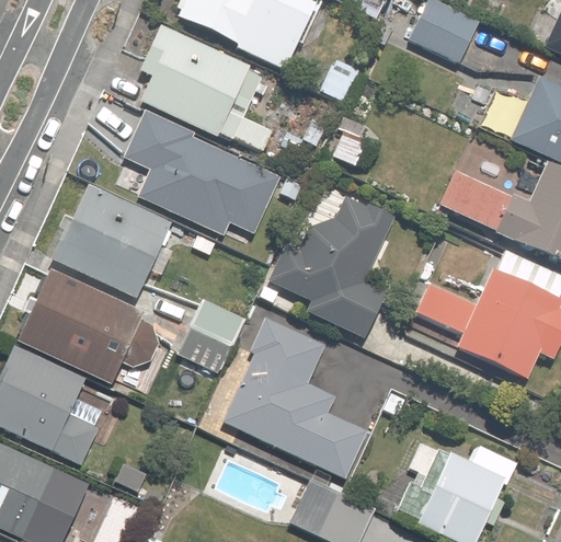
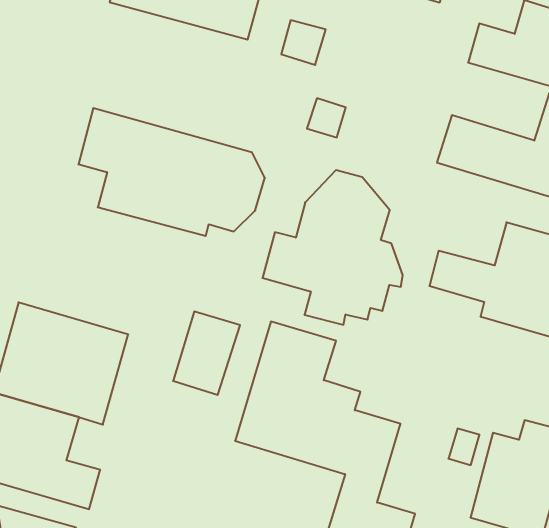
building: [139,26,276,155] -> none
building: [50,178,175,301] -> none

